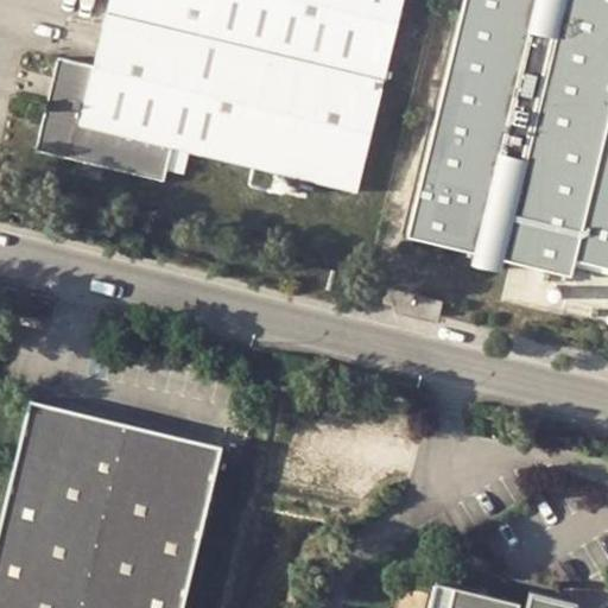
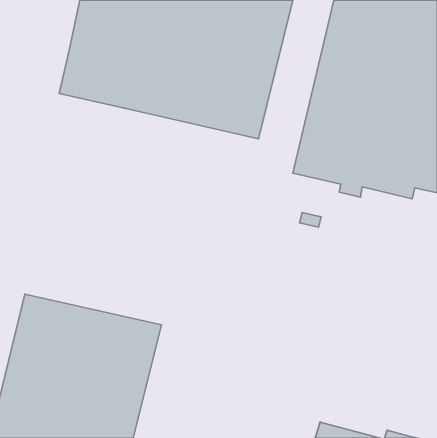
building: [38,59,172,177] -> none

